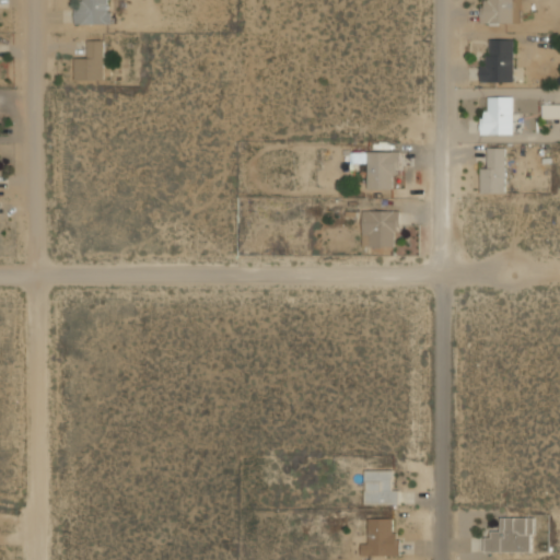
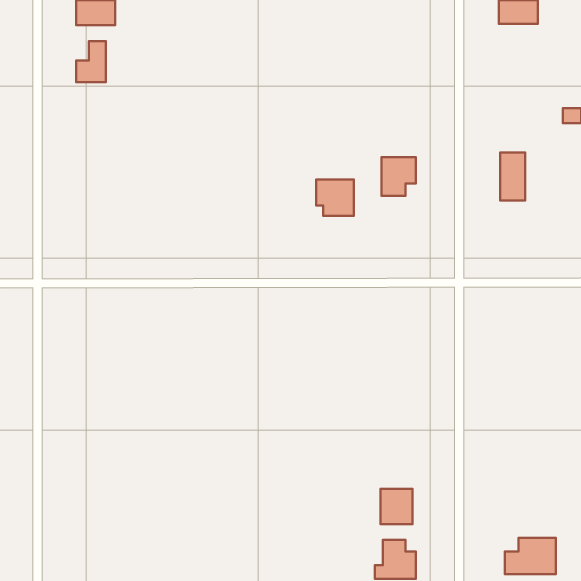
building: [483,39,513,82] -> none
building: [480,97,512,133] -> none
building: [362,211,398,246] -> [316,179,354,216]

